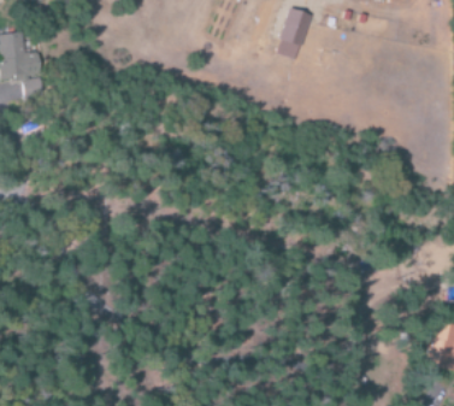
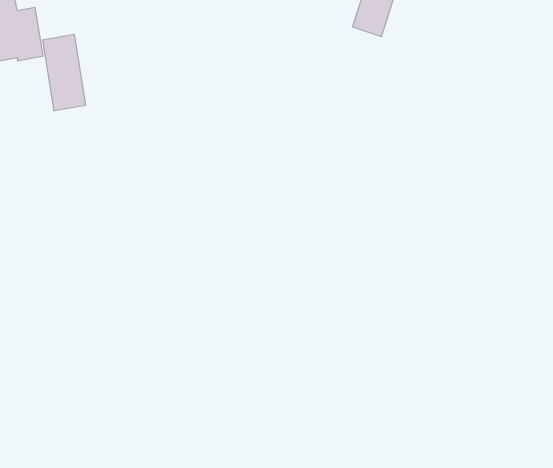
building: none -> [43,34,85,111]

